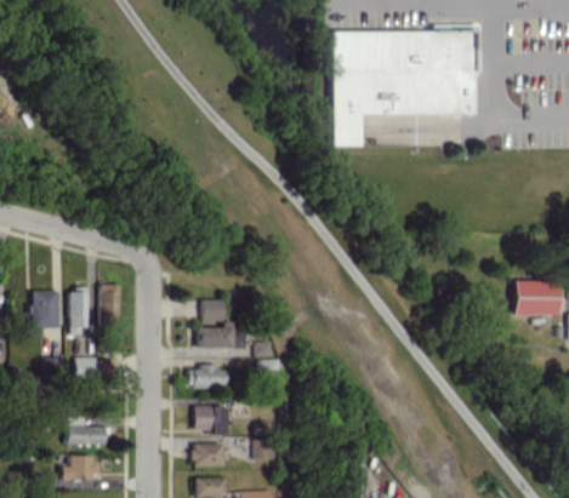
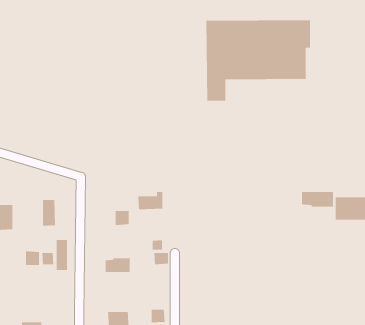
building: none -> [301,191,334,208]
building: [70,288,87,333] -> [56,239,68,271]
building: [198,321,234,348] -> [137,191,163,210]
building: [195,406,227,435] -> none
building: [68,416,106,443] -> none

